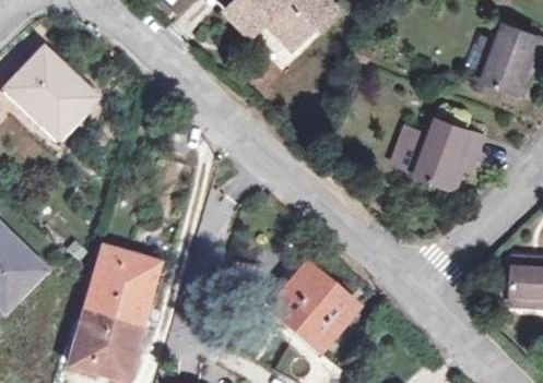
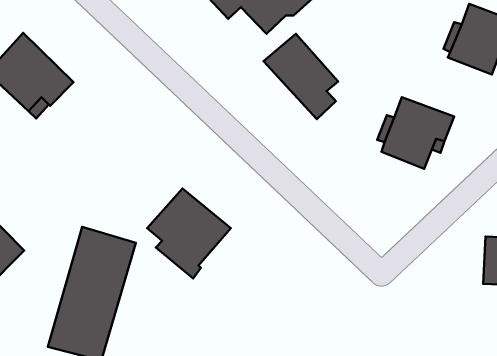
building: none -> [263,34,338,119]
building: [272,267,357,359] -> [147,188,231,279]

